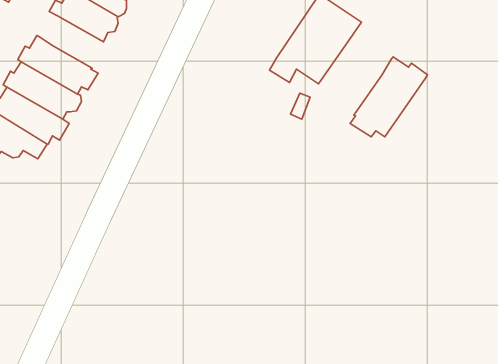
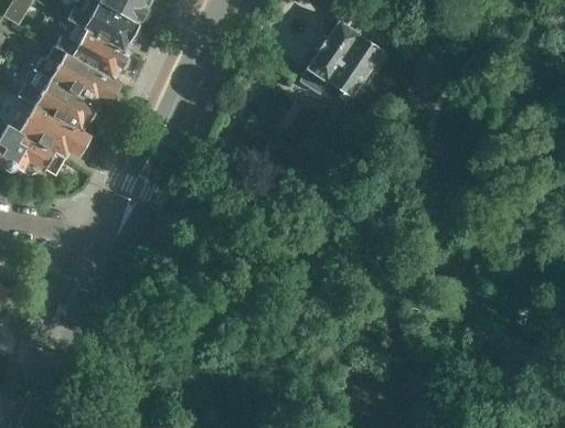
building: none -> [56,24,128,79]
building: [350,57,427,137] -> none

